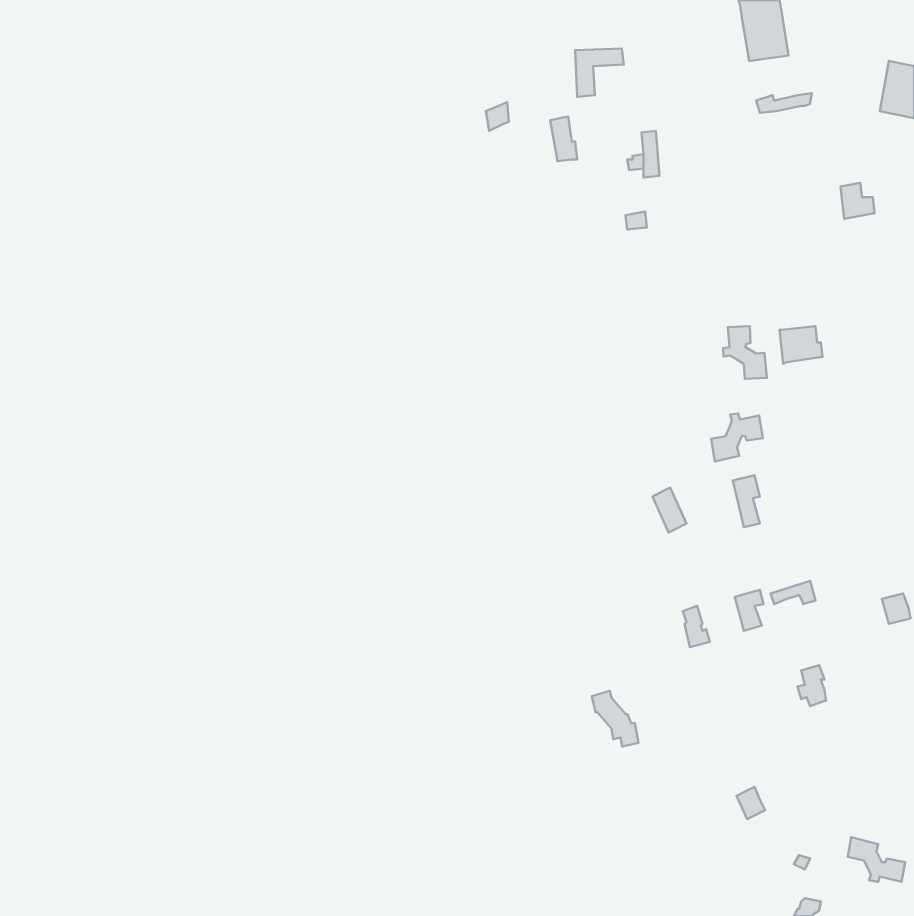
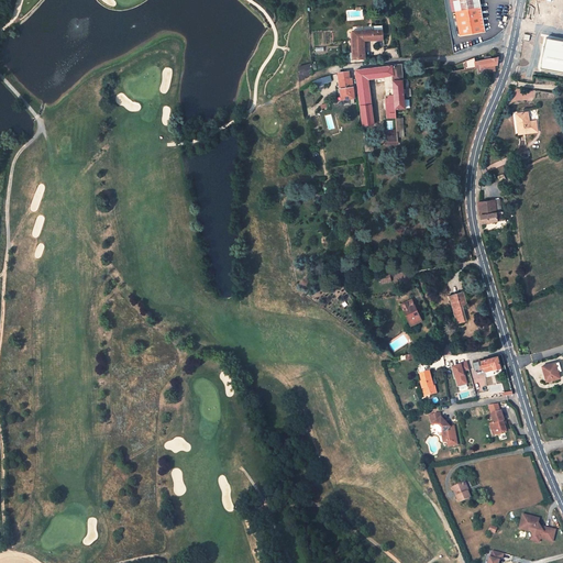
building: none -> [355,64,402,125]
building: [723,326,767,379] -> none
building: [711,413,763,461] -> none
building: [592,691,638,746] -> [429,412,457,446]

